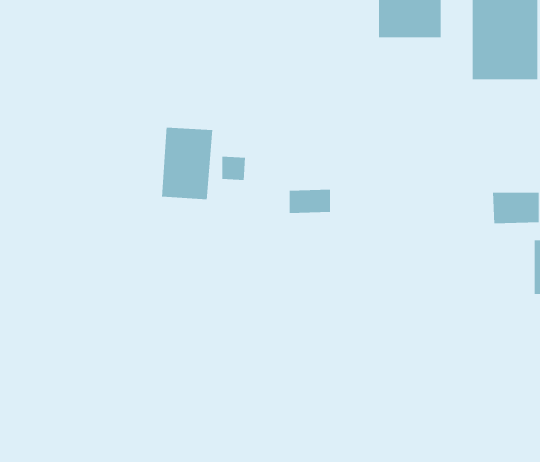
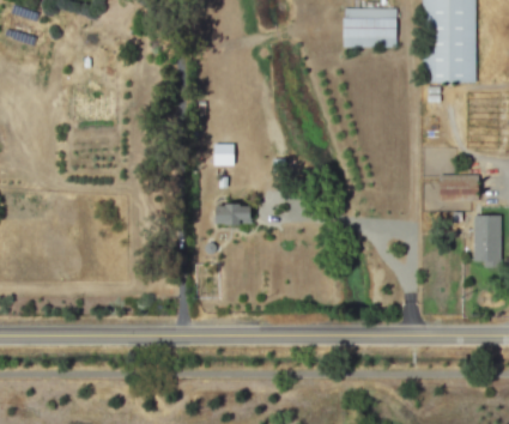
building: [162,127,213,200] -> none
building: [289,189,331,214] -> [217,205,252,225]

